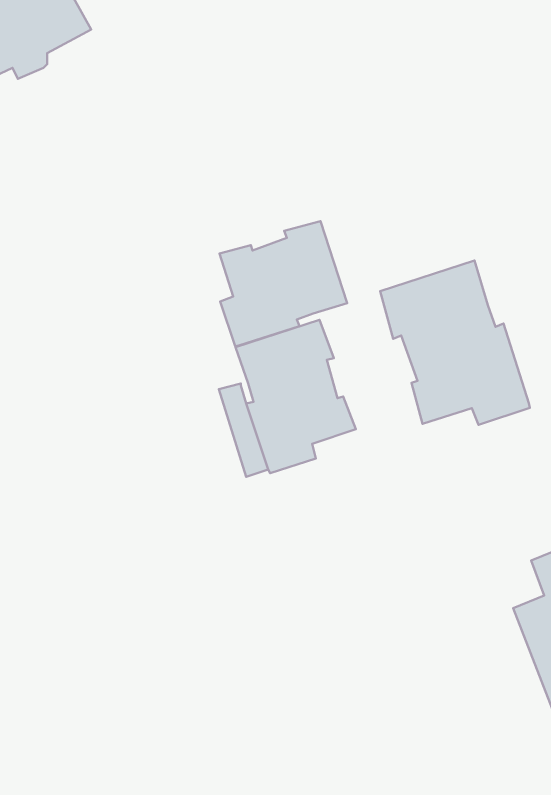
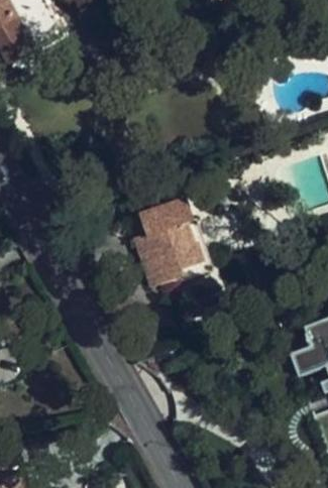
building: [219,221,347,346] -> none
building: [380,260,530,425] -> none

